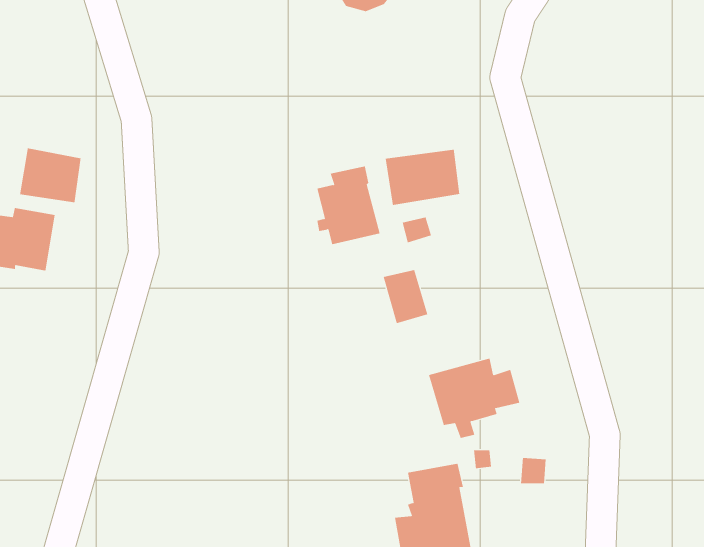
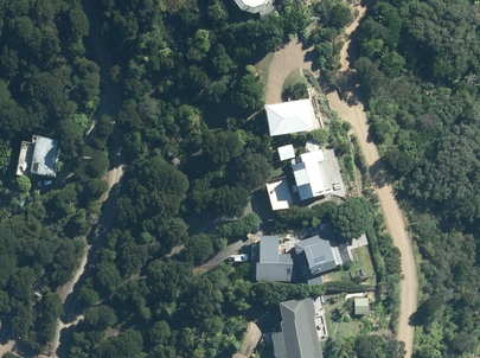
building: [19,148,81,203] -> none
building: [317,166,381,245] -> [290,148,331,198]
building: none -> [251,236,296,280]

